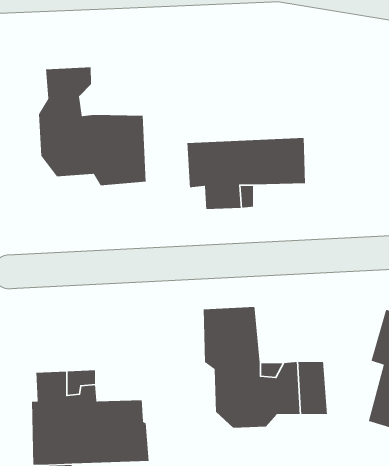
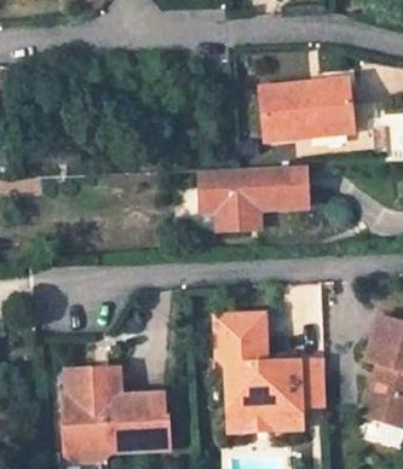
building: none -> [261,85,352,139]
building: [38,67,146,186] -> none
building: none -> [228,405,304,435]

